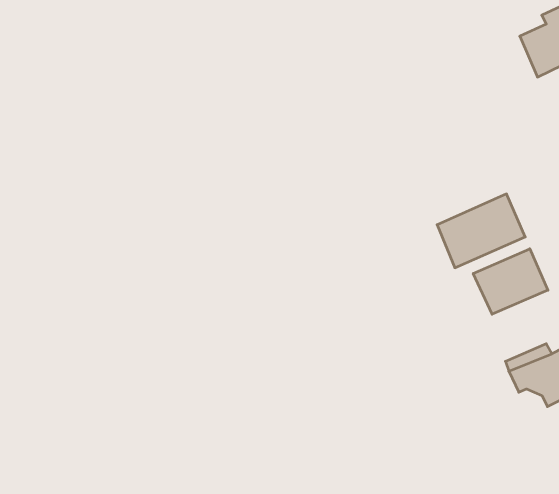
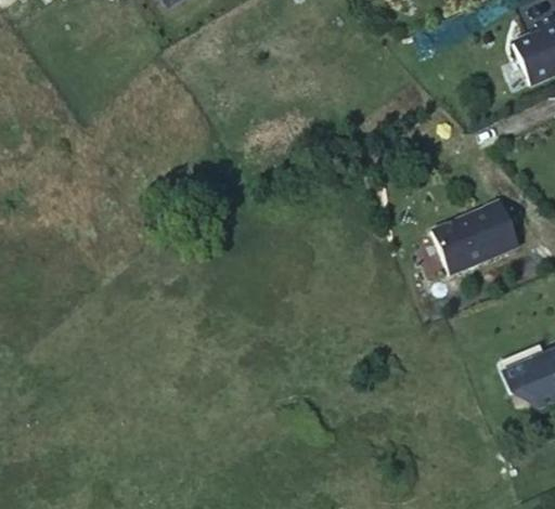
building: [473,249,548,314] -> none

